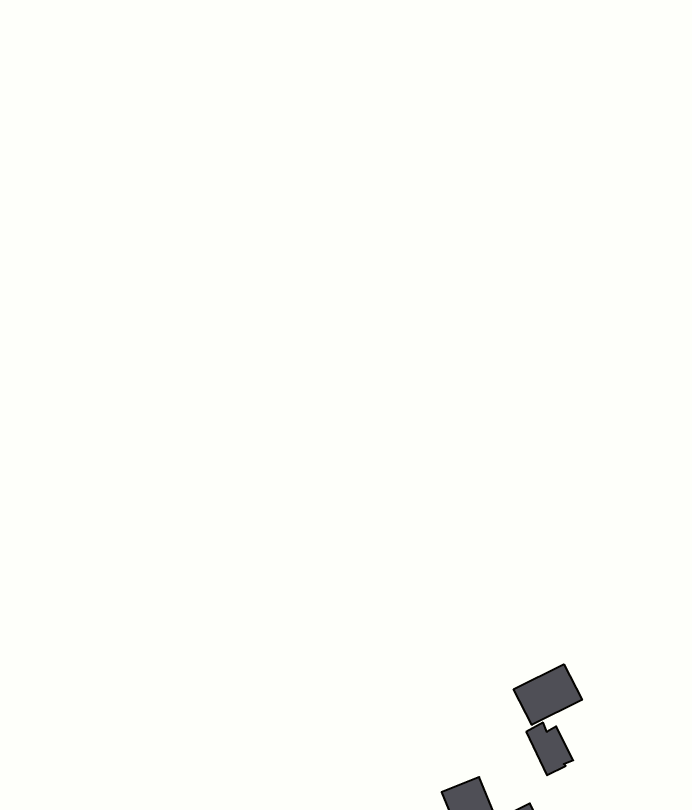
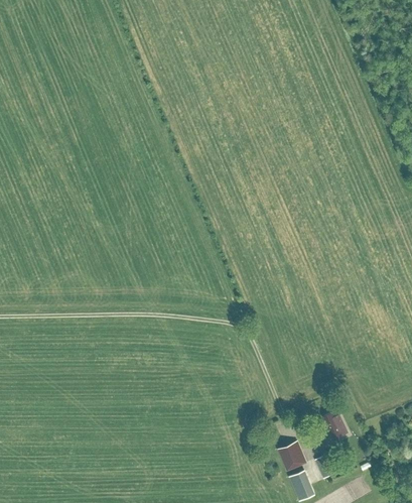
building: [514,664,582,725] -> none

